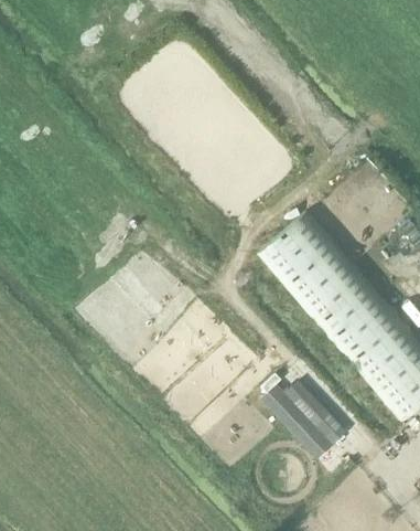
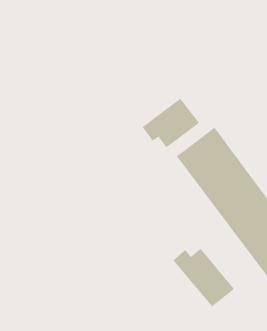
building: none -> [142,98,200,148]

